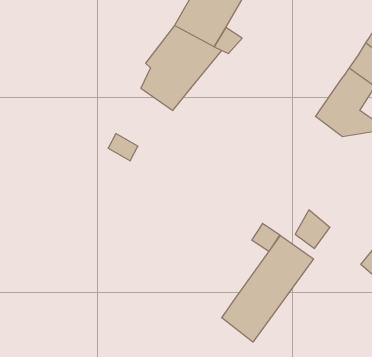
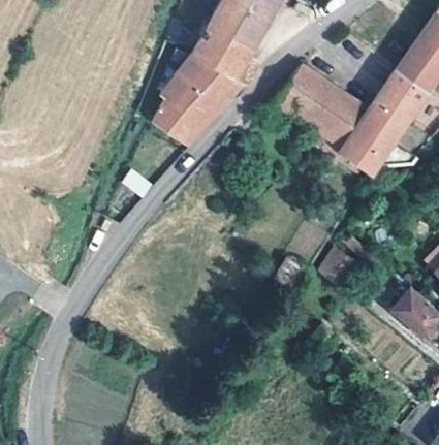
building: none -> [275,64,371,150]
building: [222,236,313,342] -> none

